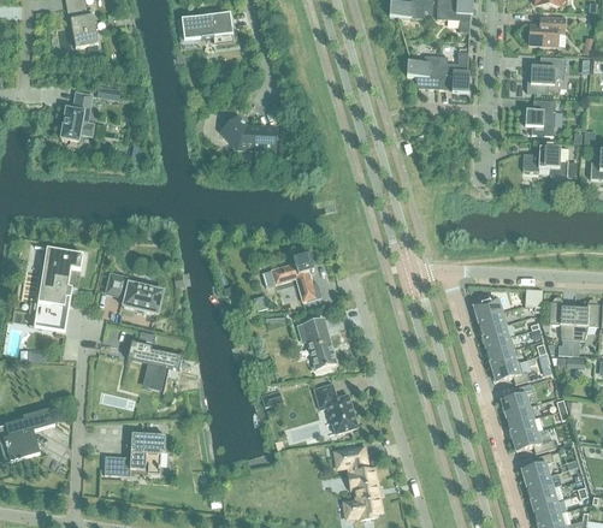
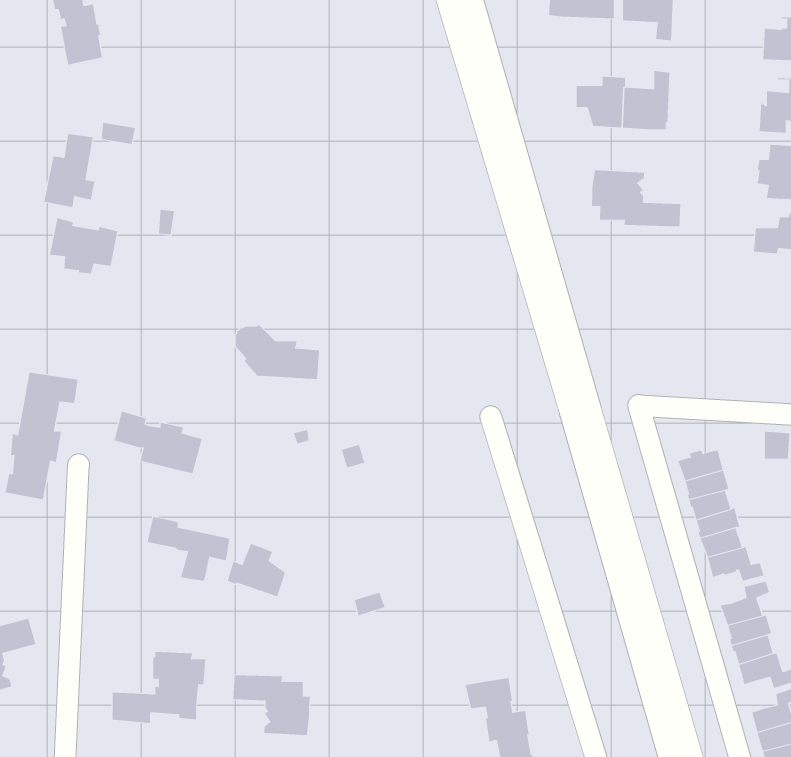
building: [179,12,233,43] -> none
building: [220,113,276,149] -> [235,324,320,380]
building: none -> [591,170,681,227]
building: none -> [50,218,118,274]
building: [270,250,320,301] -> none
building: [303,316,335,367] -> none
building: none -> [227,543,286,597]
building: [313,382,356,432] -> none
building: none -> [233,675,310,736]

